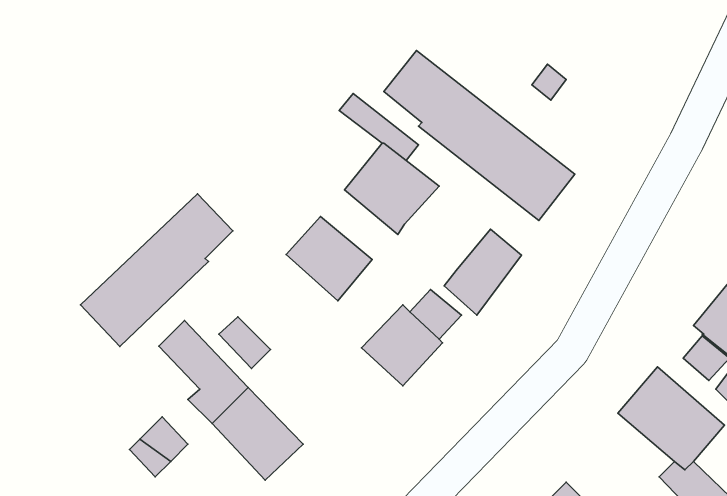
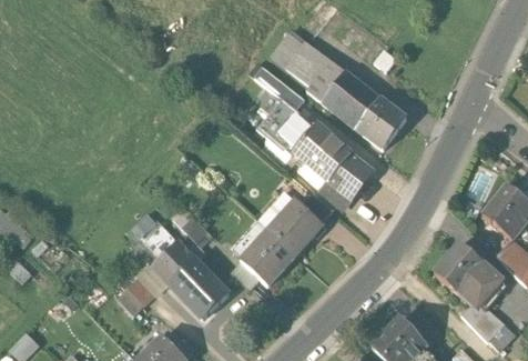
building: [80,194,233,346] -> none
building: [286,217,372,301] -> [295,126,351,180]
building: none -> [242,230,294,282]

